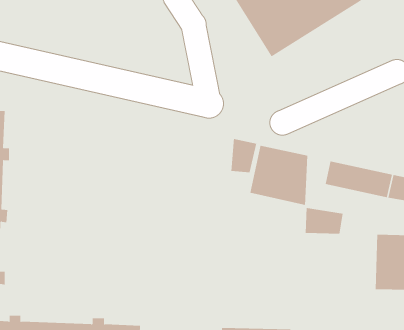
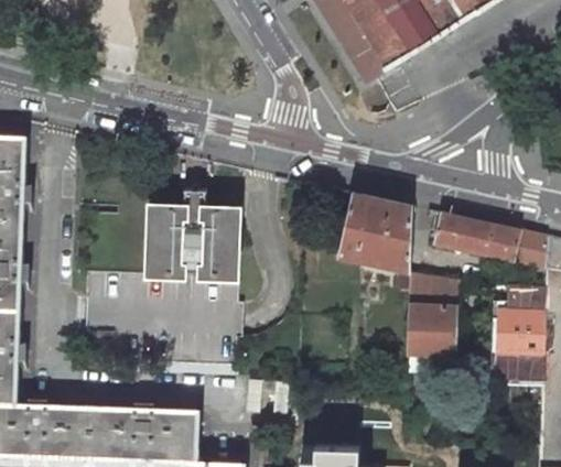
building: [231,138,257,173] -> none
building: none -> [150,187,236,272]
building: none -> [407,304,453,352]

